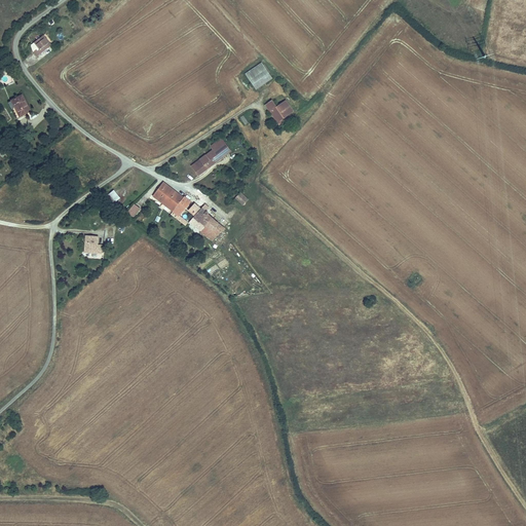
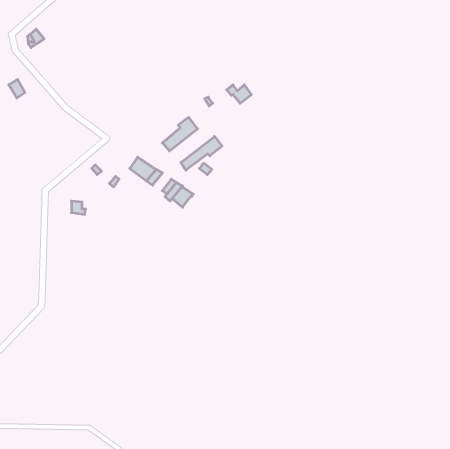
building: [243,62,271,88] -> none
building: none -> [181,136,222,170]

